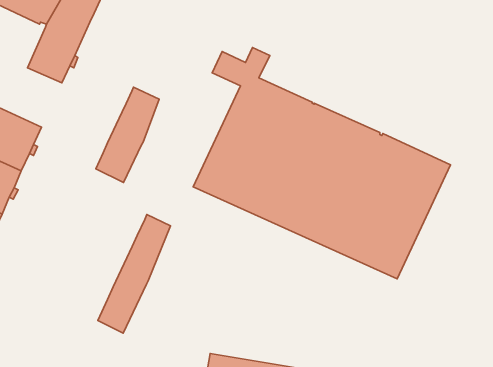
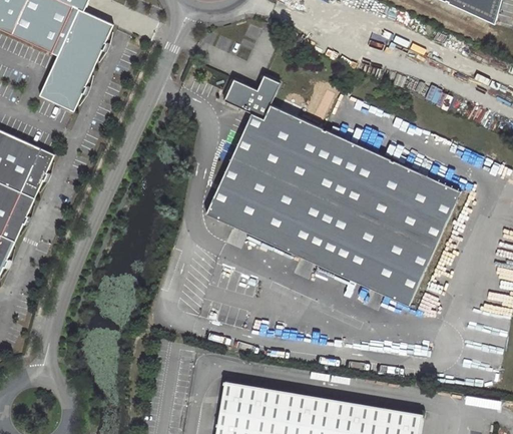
building: [96,87,159,183] -> none
building: [98,215,170,333] -> none

